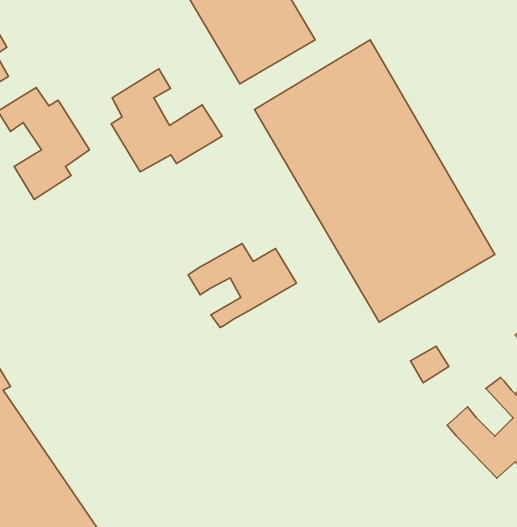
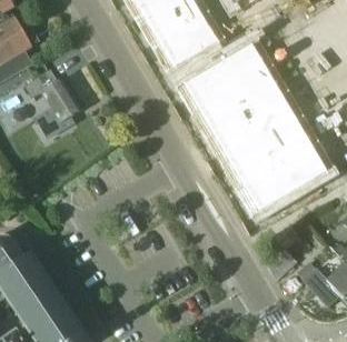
building: [111,69,222,172] -> none
building: [188,243,296,327] -> none

